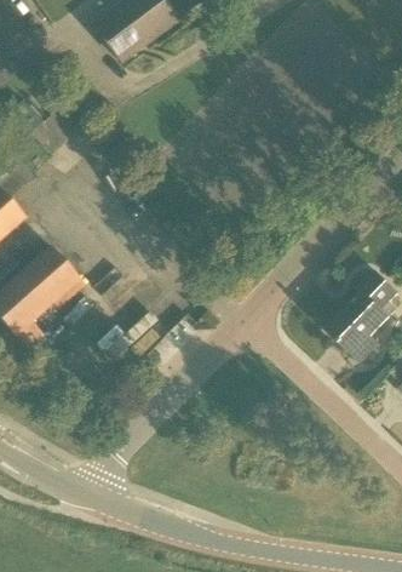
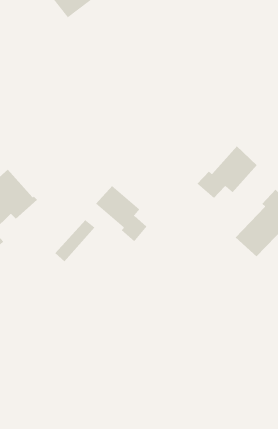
building: none -> [197,146,257,199]
building: none -> [95,185,147,242]

